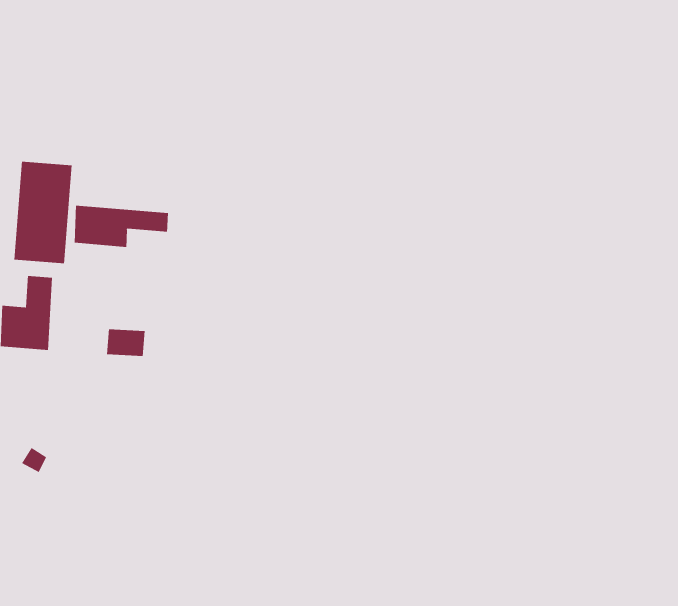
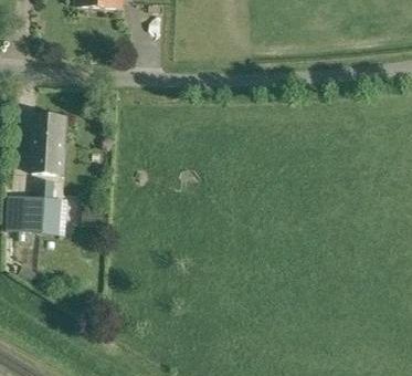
building: [74,205,169,248] -> none

